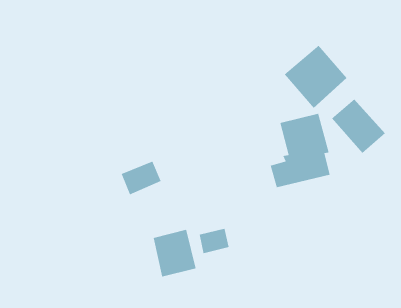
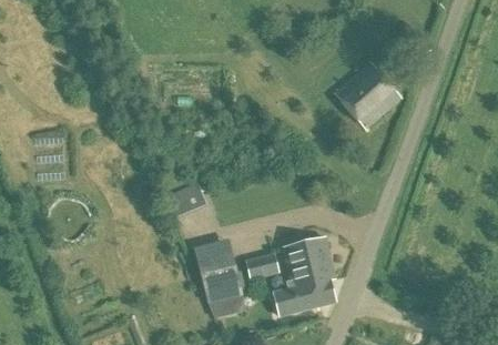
building: [331,99,386,154] -> none
building: [270,113,330,188] -> [273,236,336,314]

